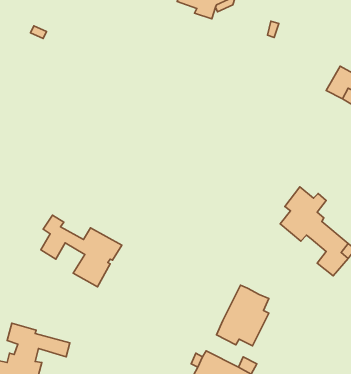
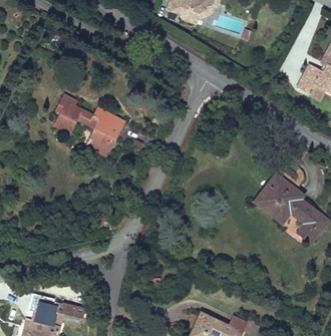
building: none -> [255,187,292,226]
building: [41,215,122,287] -> [55,96,125,158]
building: [216,285,269,346] -> none

